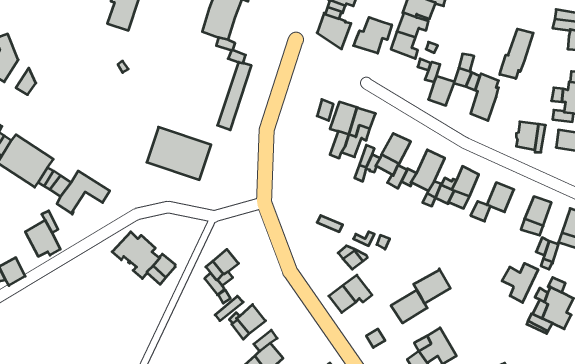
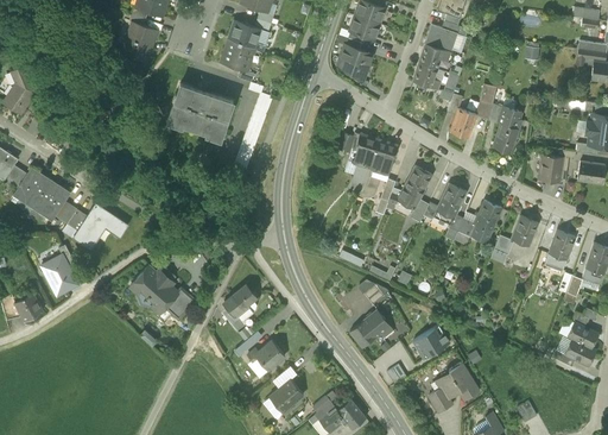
building: [353,17,392,53] -> none
building: [500,29,533,79] -> none
building: [147,127,211,180] -> [167,84,233,138]
building: [502,263,538,303] -> none
building: [414,269,450,304] -> none

